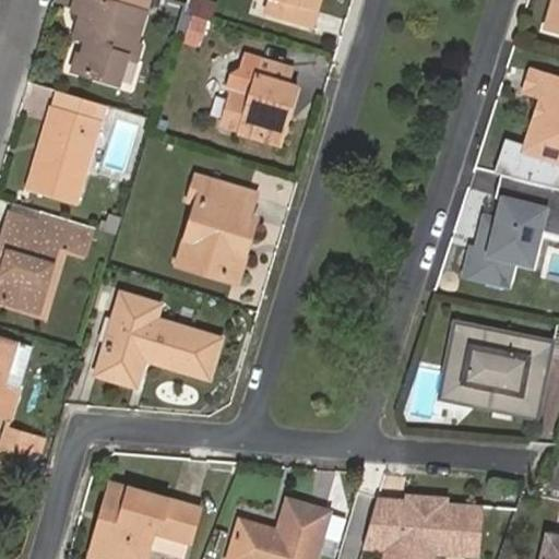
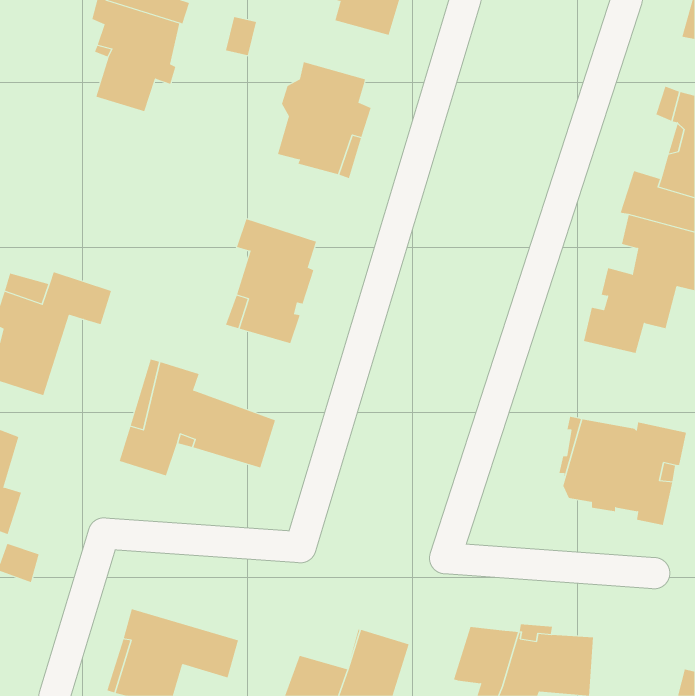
building: [27,97,107,210] -> none

